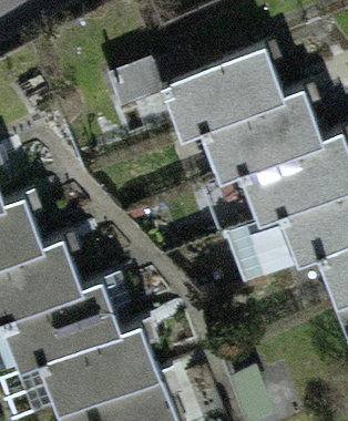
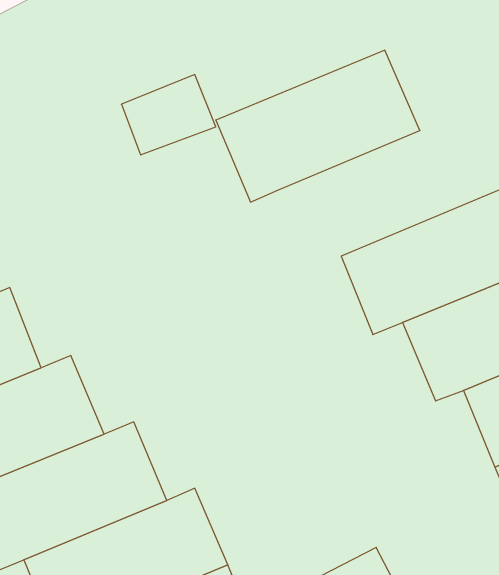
building: [196,92,326,187] -> none

